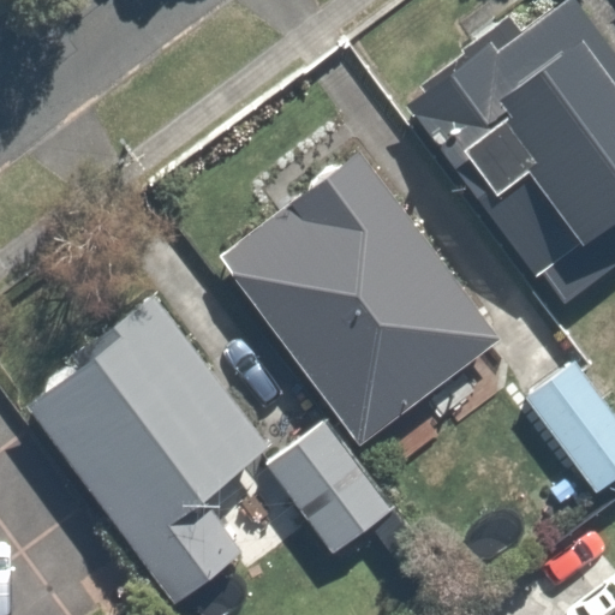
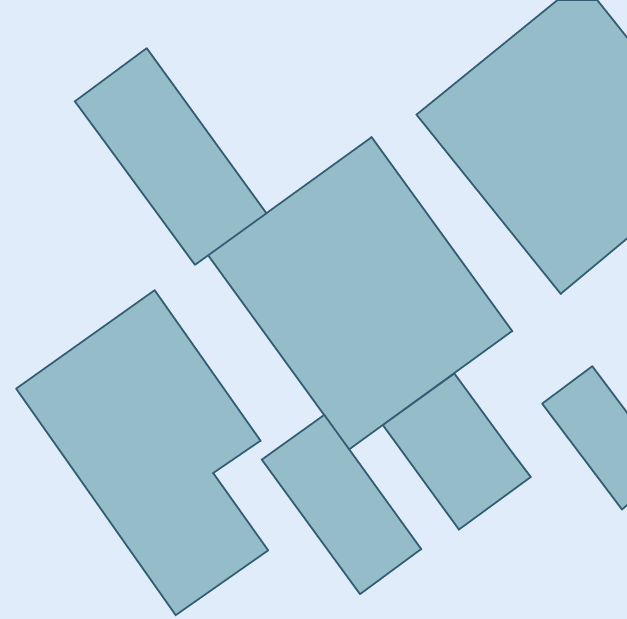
building: none -> [75,48,267,265]
building: none -> [383,374,531,530]

